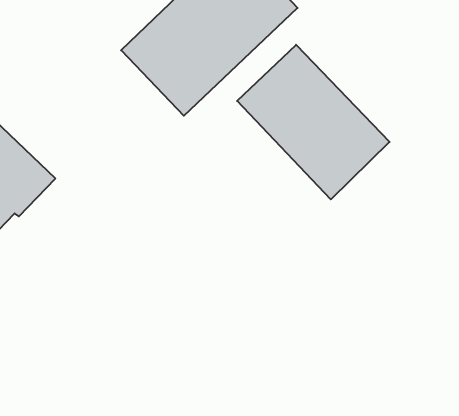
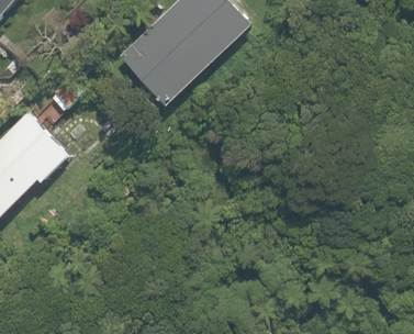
building: [237,45,390,199] -> none

